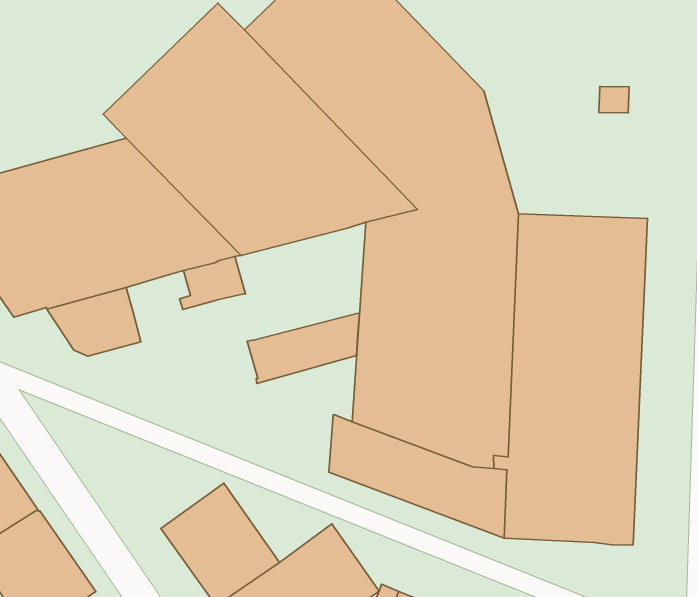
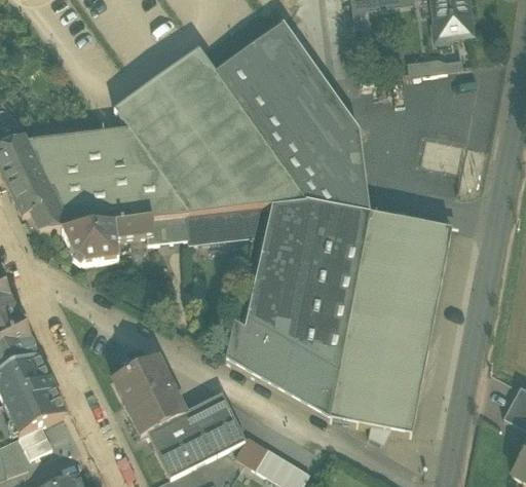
building: none -> [114,216,154,237]
building: [247,313,360,383] -> [186,204,260,239]

